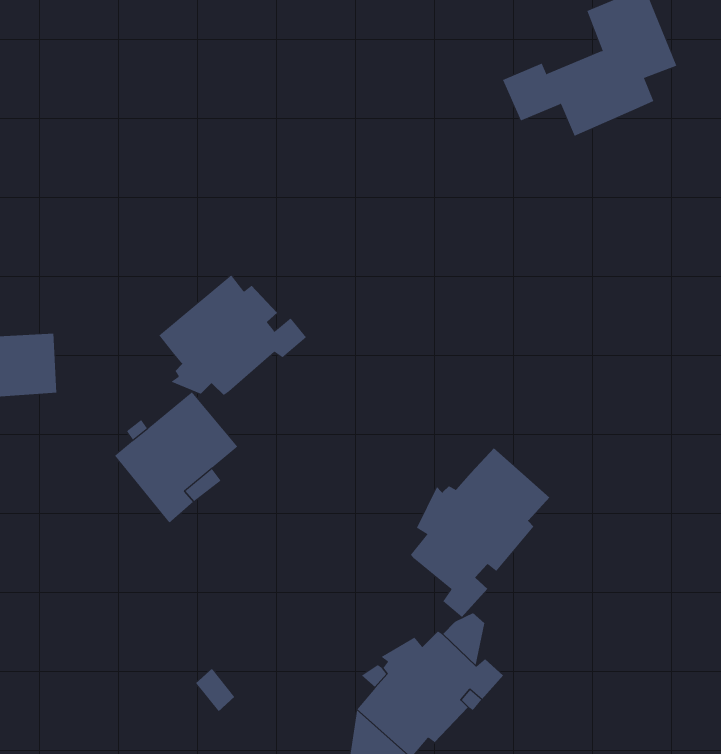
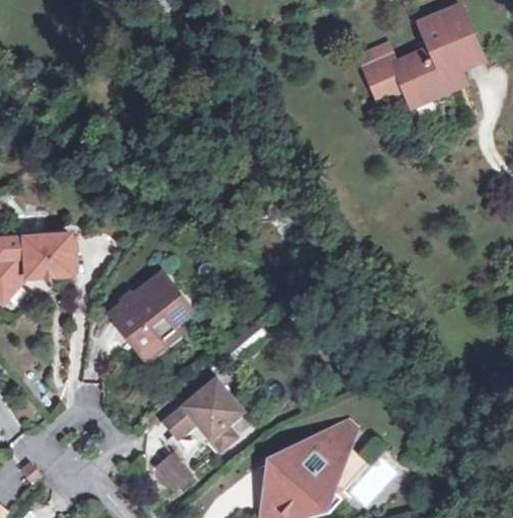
building: [158,274,307,396] -> none
building: [410,447,550,618] -> none
building: none -> [165,381,242,449]

